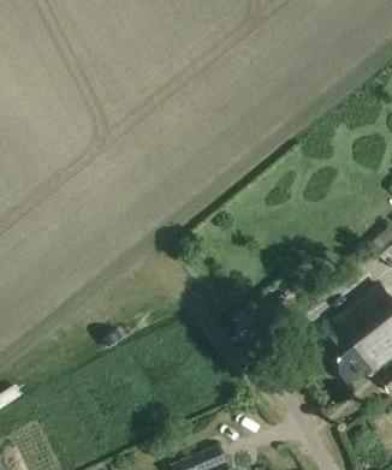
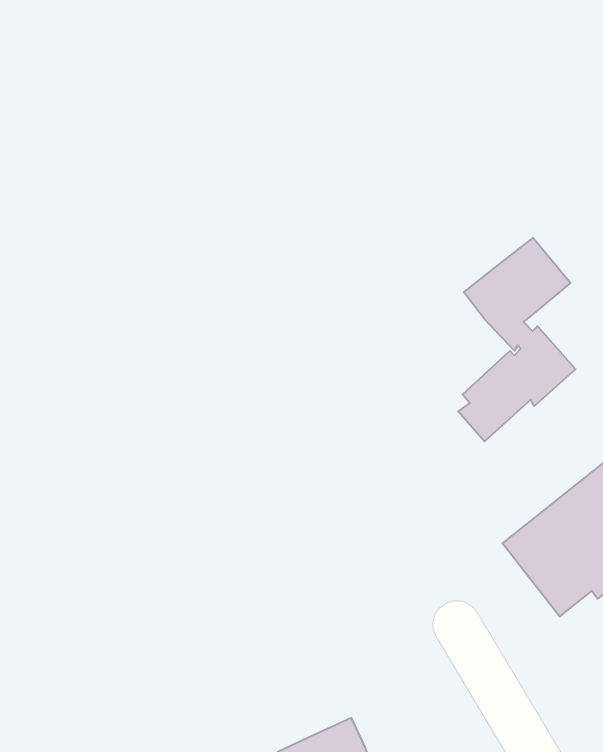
building: none -> [458,238,576,441]

